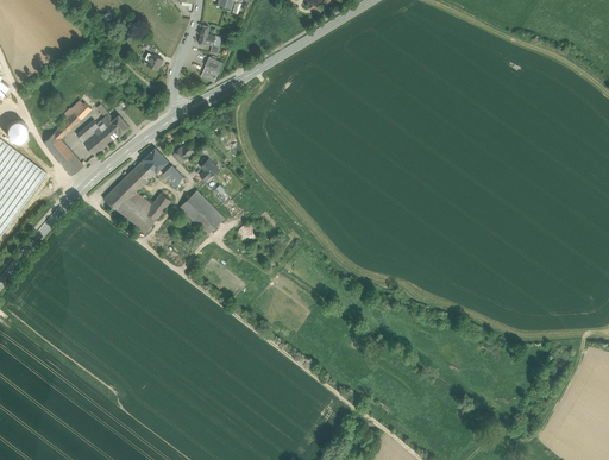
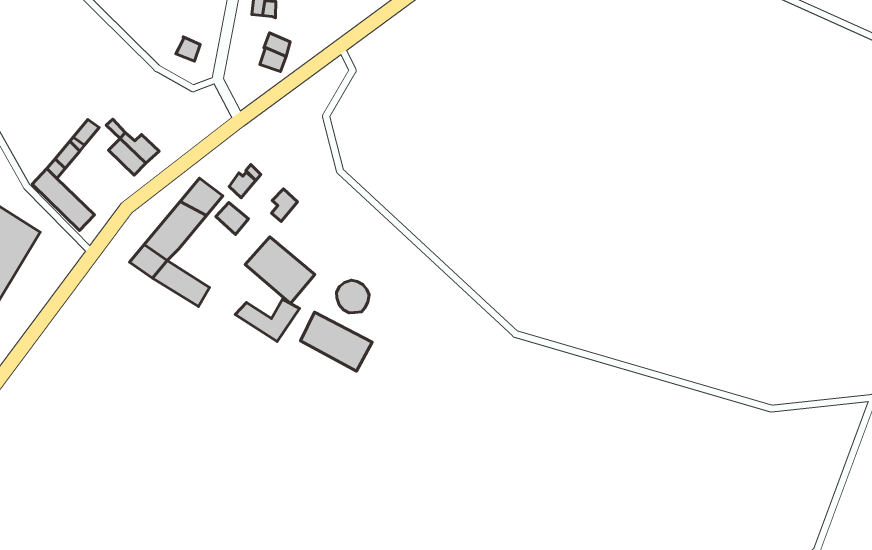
building: [75,118,111,155] -> none
building: [127,191,170,219] -> [235,299,300,341]
building: none -> [300,312,372,371]

